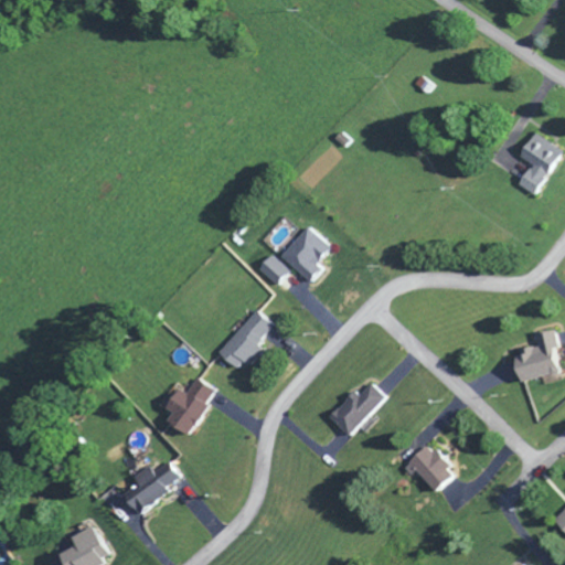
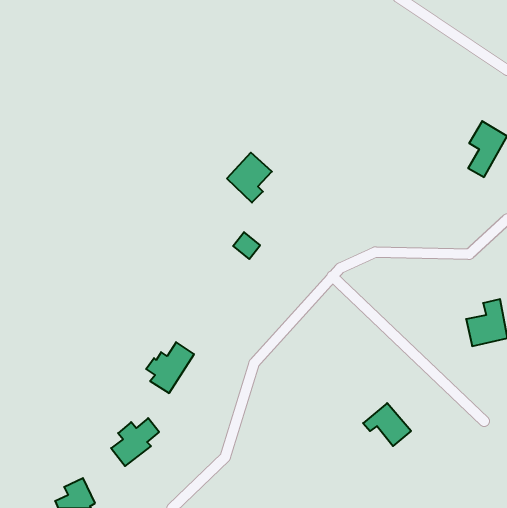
building: [280,227,330,282] -> [227,153,272,203]
building: [216,310,271,371] -> none
building: [329,384,384,436] -> none

